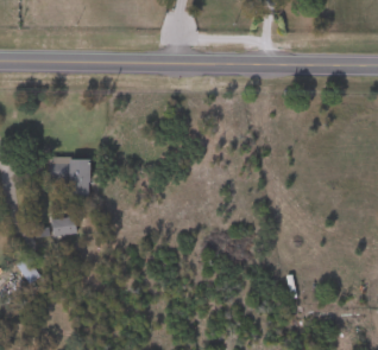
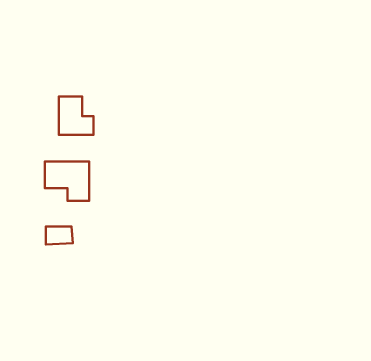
building: none -> [59,96,94,135]

